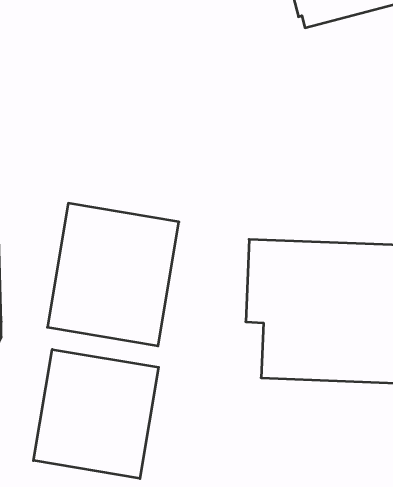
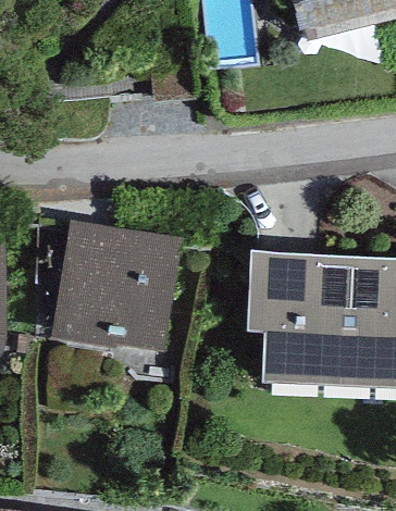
building: [33,349,159,479] -> none

